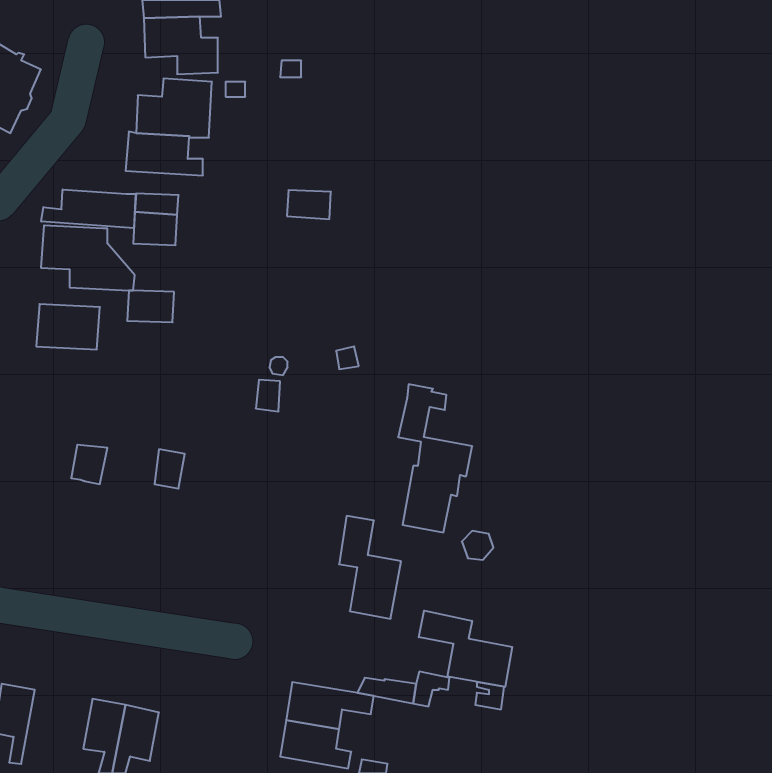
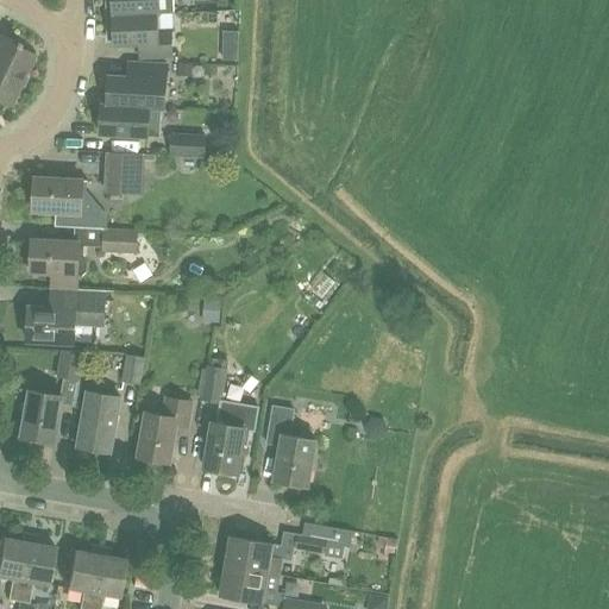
building: [41,189,136,228] -> none
building: [287,190,331,219] -> [170,134,205,157]
building: none -> [26,288,103,343]
building: [398,384,472,532] -> [200,358,258,475]
building: none -> [21,390,61,442]
building: none -> [76,391,119,452]
building: none -> [138,400,190,462]
building: [419,611,512,687] -> none
building: none -> [17,542,54,603]

